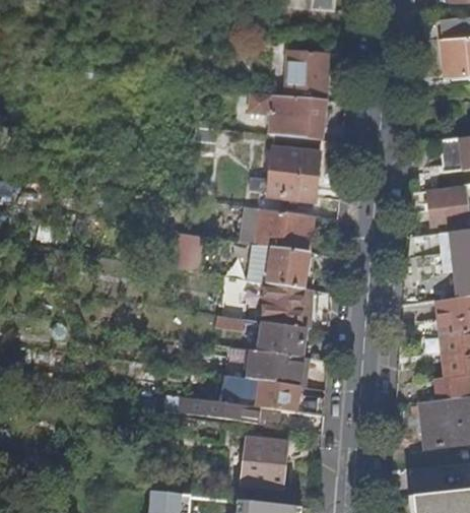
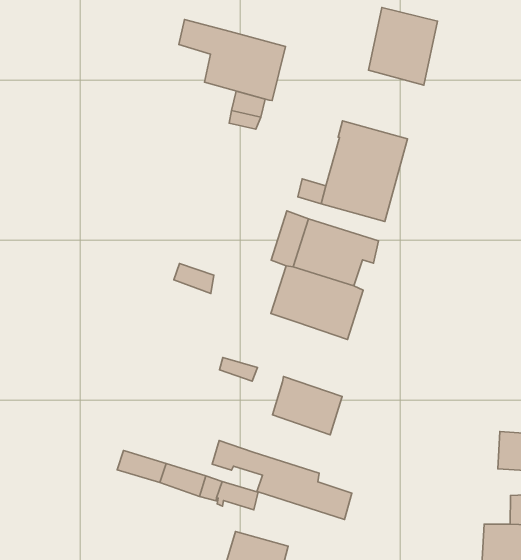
building: [251,93,326,140] -> [179,20,286,101]
building: [262,282,312,329] -> none
building: [250,349,303,386] -> none

